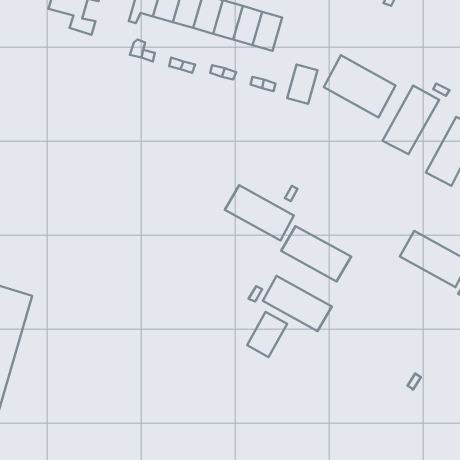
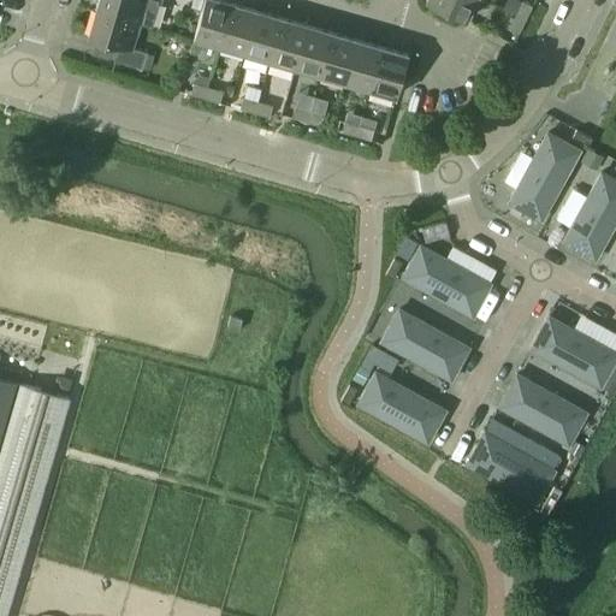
building: [324,55,396,117] -> none
building: [287,65,318,104] -> [371,48,409,97]
building: [225,185,294,241] -> [403,247,490,316]
building: none -> [499,375,586,445]
building: [247,312,287,357] -> none
building: none -> [467,420,562,503]

